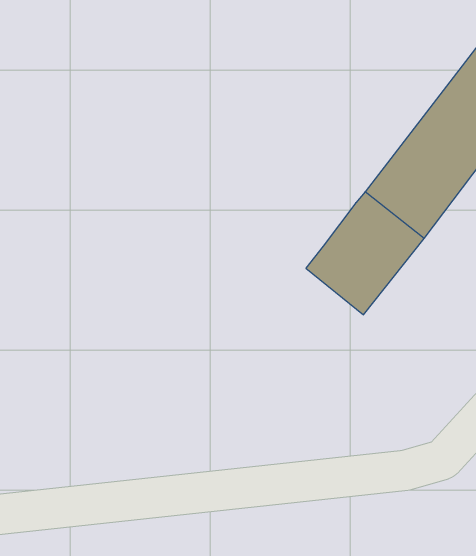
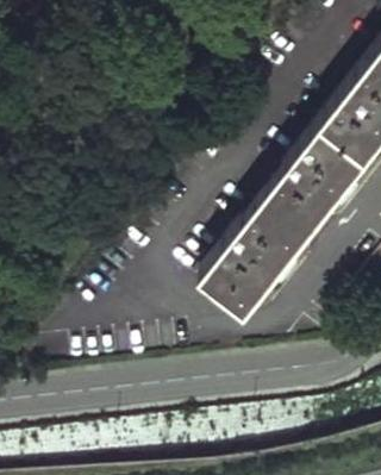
building: none -> [199,230,283,317]

